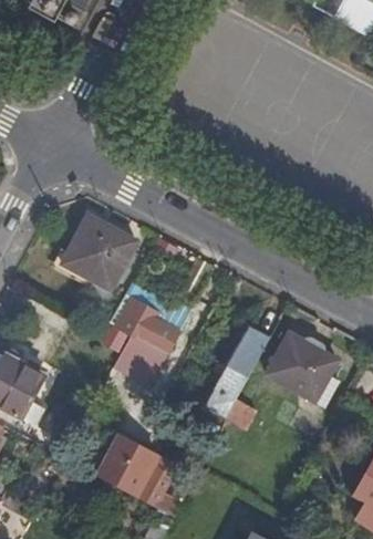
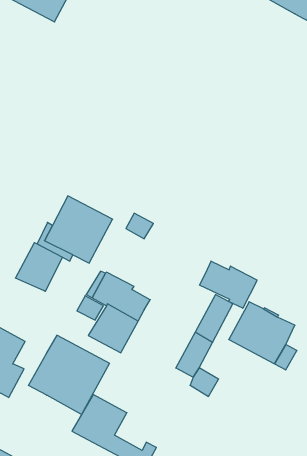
building: none -> [15,243,63,291]
building: none -> [200,261,257,308]
building: none -> [28,335,109,414]

